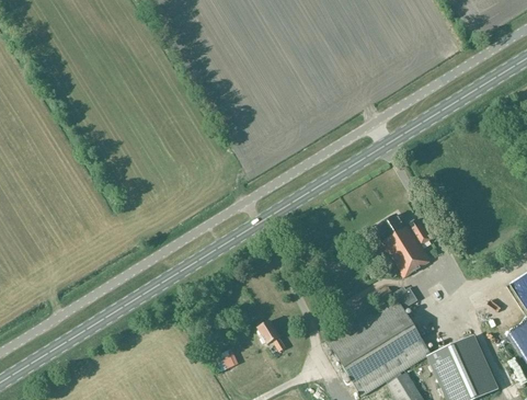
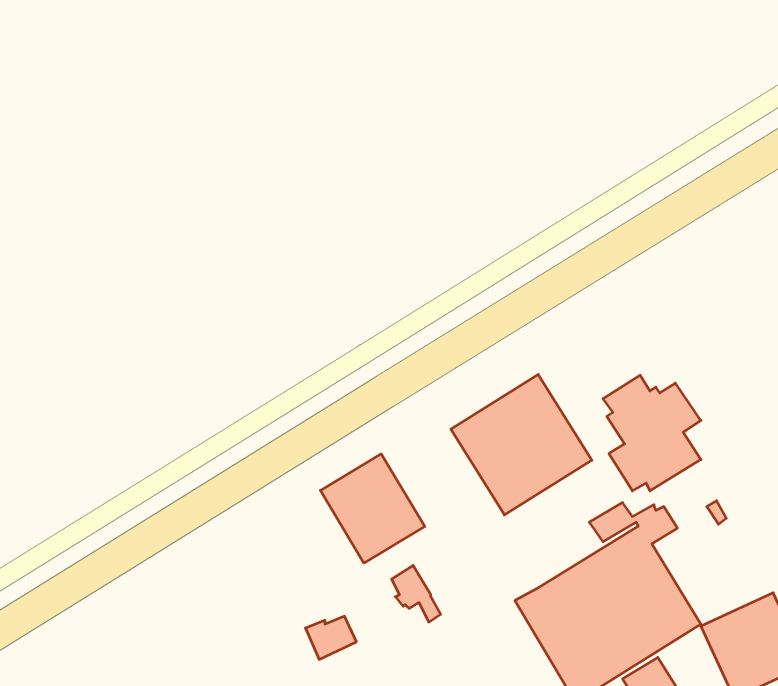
building: none -> [451,374,592,515]
building: none -> [320,454,425,563]

